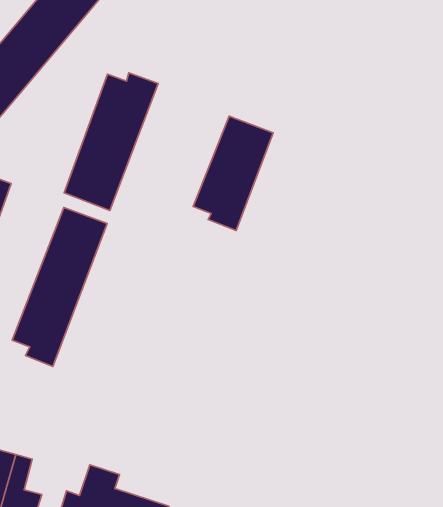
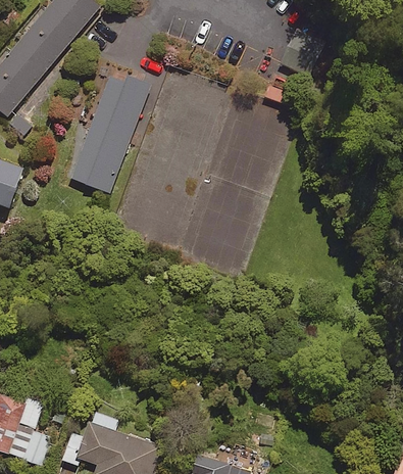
building: [193,116,273,230] -> none
building: [12,207,107,367] -> none

